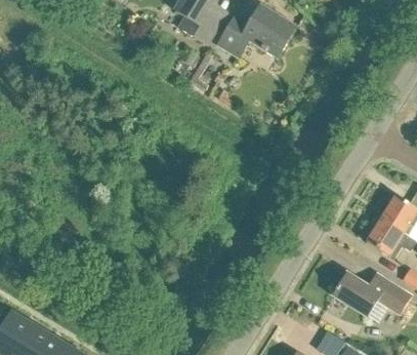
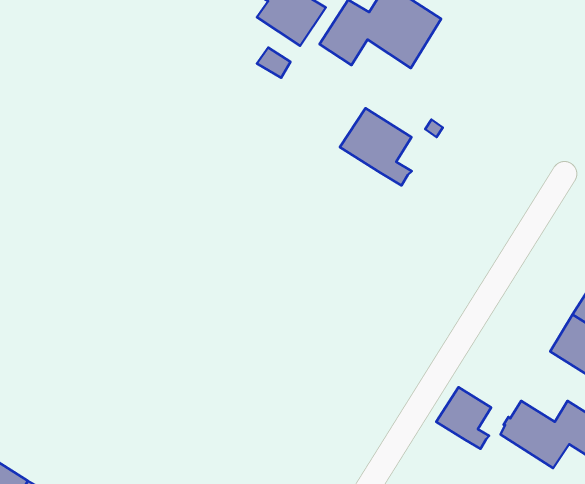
building: none -> [340,108,412,186]
building: none -> [436,387,491,449]

